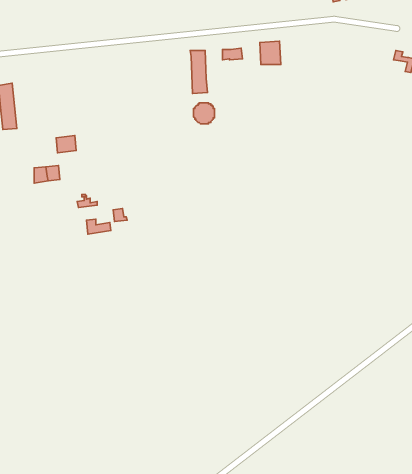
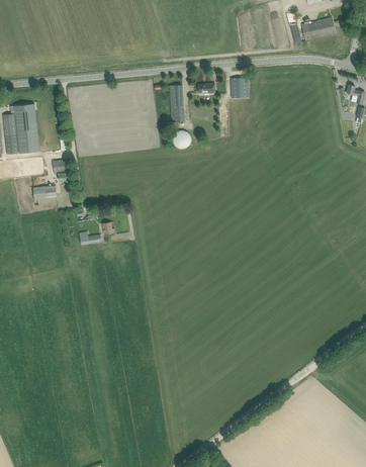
building: none -> [14,103,38,153]

